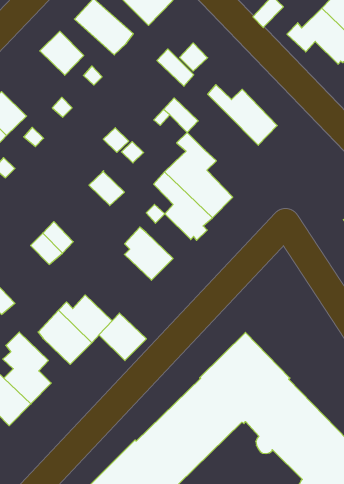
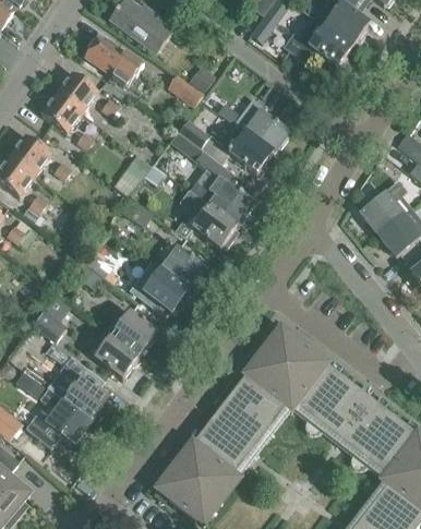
building: none -> [41,91,83,131]
building: none -> [221,125,272,172]
building: [99,313,146,361] -> [144,269,189,313]

